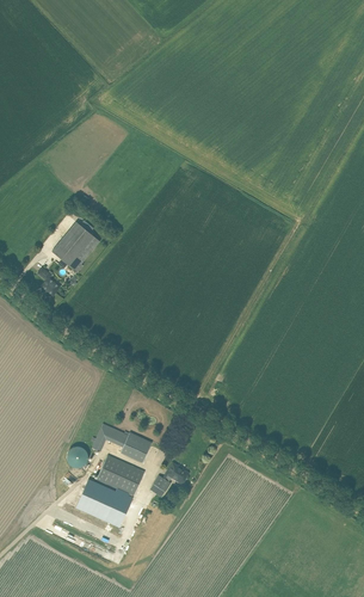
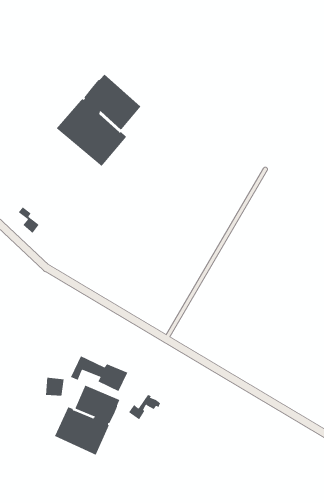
building: none -> [56,74,141,167]
building: [50,221,99,272] -> none

